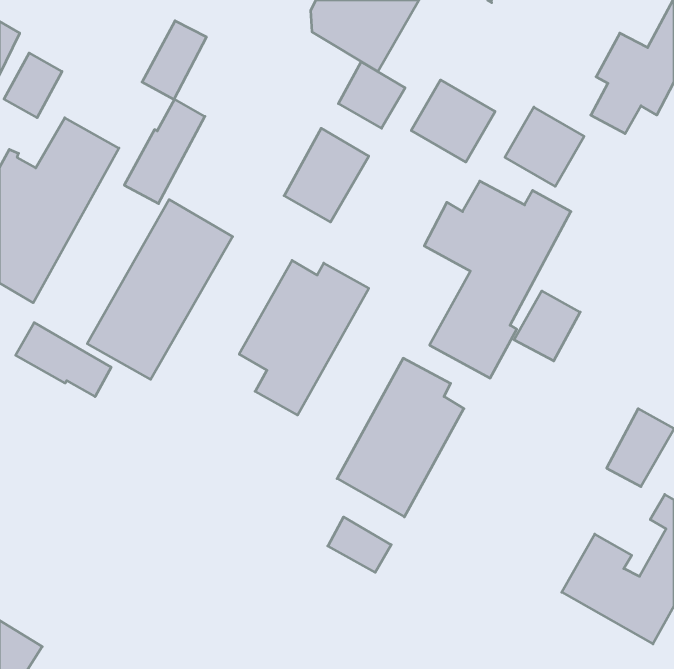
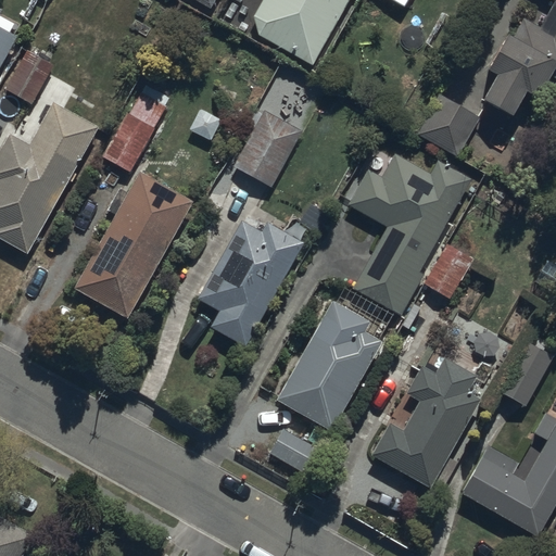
building: [142,21,206,100] -> none
building: [338,62,405,128] -> none
building: [411,80,495,162] -> none
building: [16,323,111,397] -> none
building: none -> [372,357,481,486]

